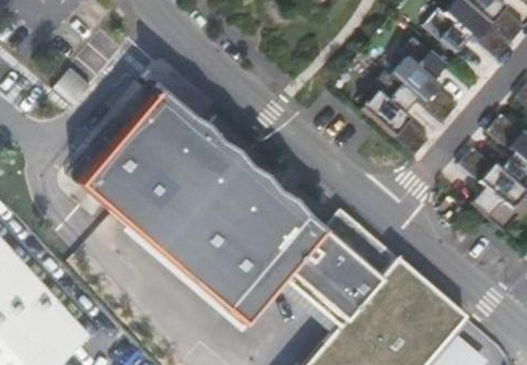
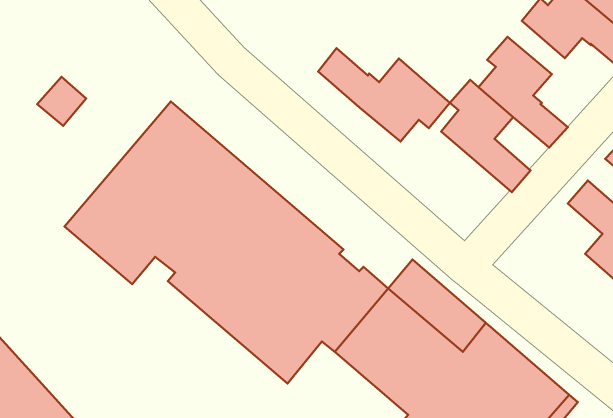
building: none -> [318,48,450,142]
building: [129,205,283,323] -> none

